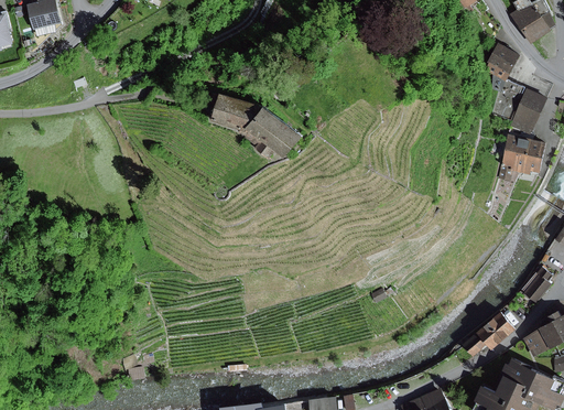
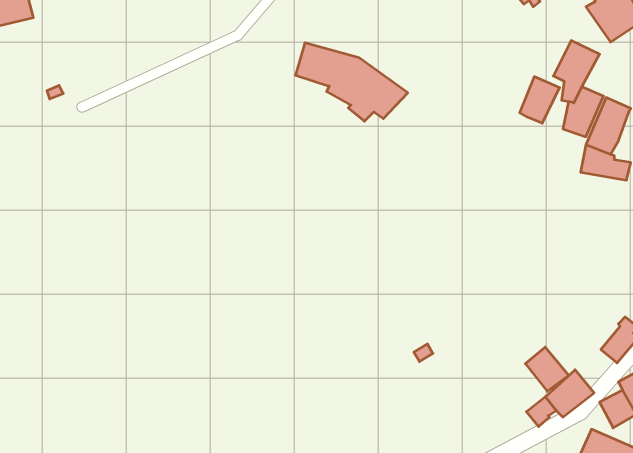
building: none -> [520,77,560,123]
building: [210,94,302,158] -> [295,43,408,121]
building: [497,149,542,181] -> none
building: none -> [525,347,569,391]

